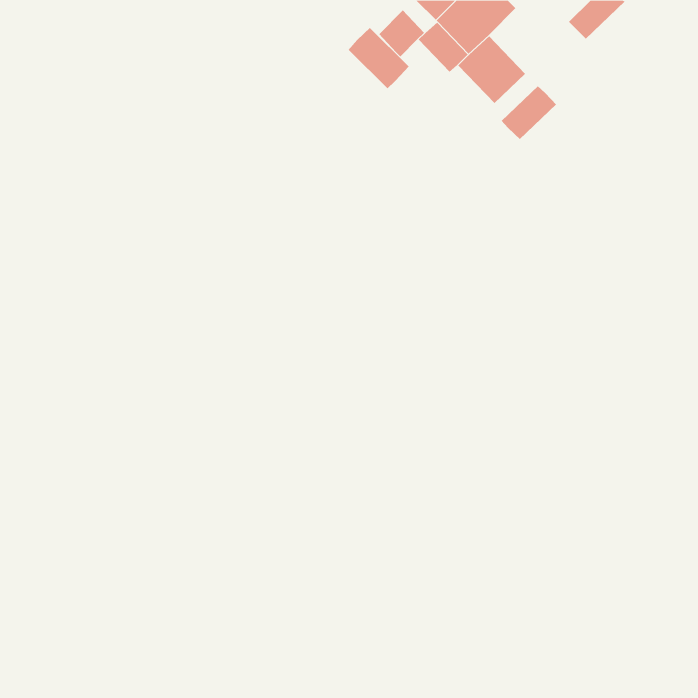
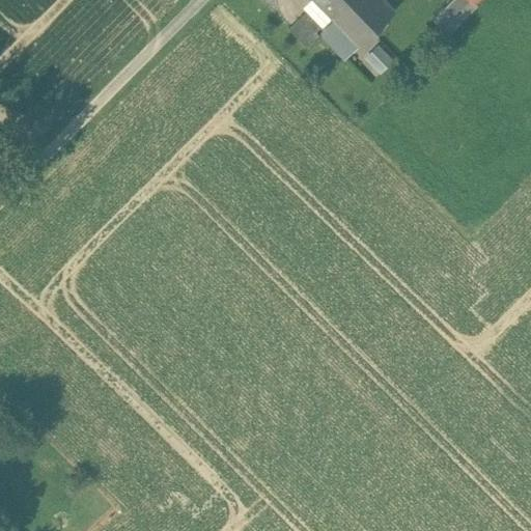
building: [348,27,409,89] -> none
building: [501,85,557,140] -> none

